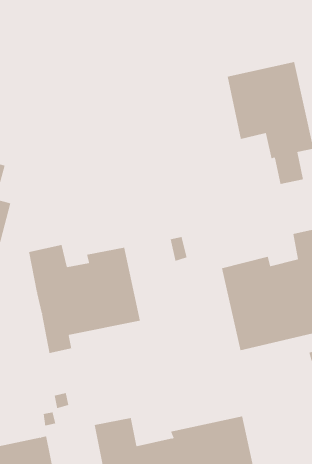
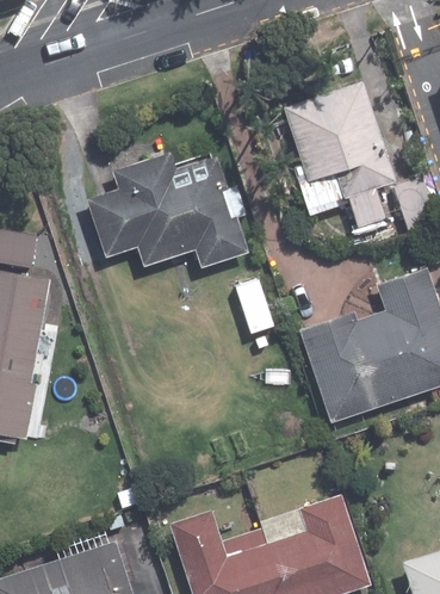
building: none -> [87,151,247,267]
building: [28,244,141,354] -> none

